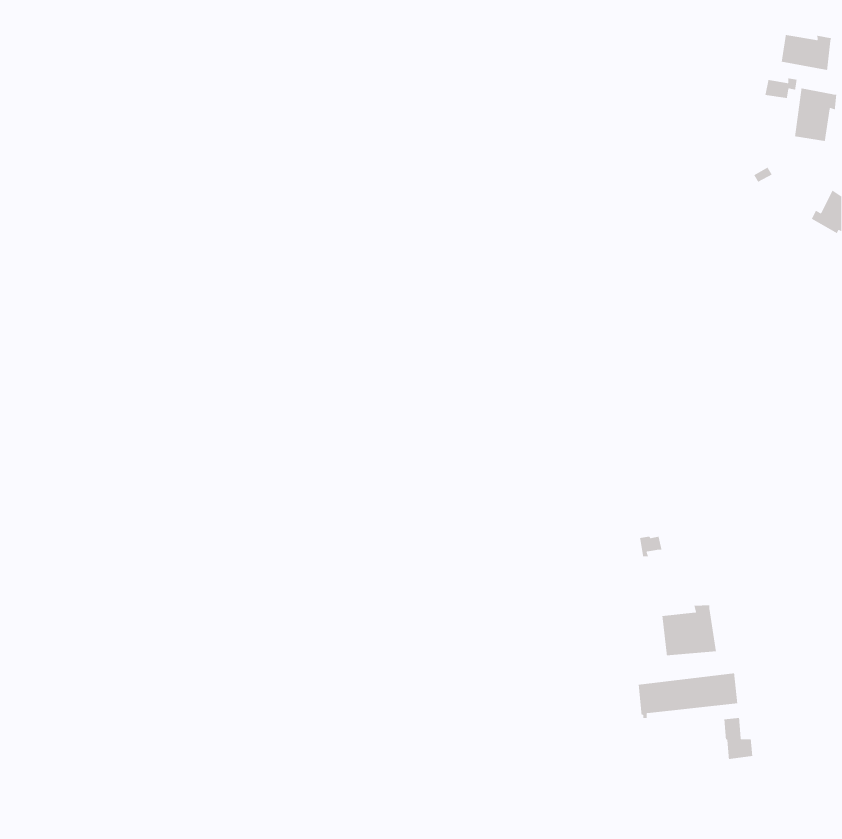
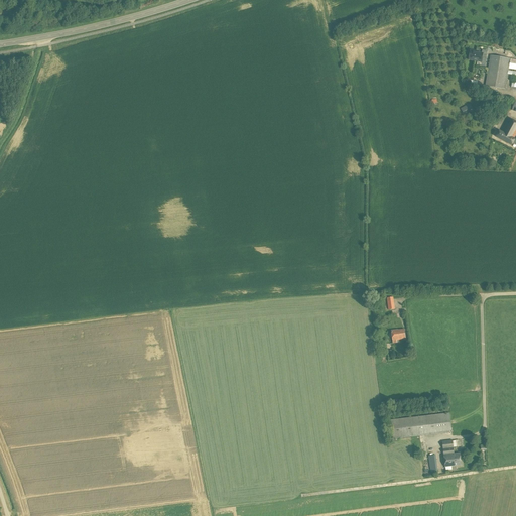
building: [781,34,832,71] -> none
building: [661,604,717,656] -> none

